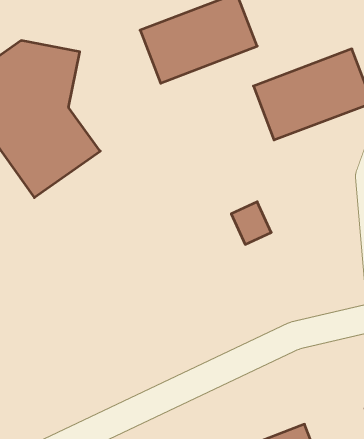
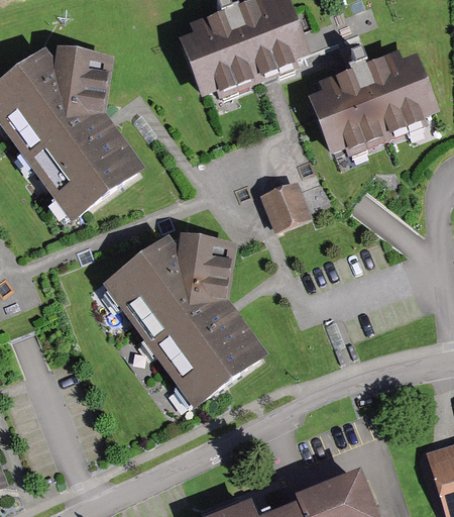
building: [231,202,271,244] -> [266,183,310,229]
building: none -> [105,231,260,400]

